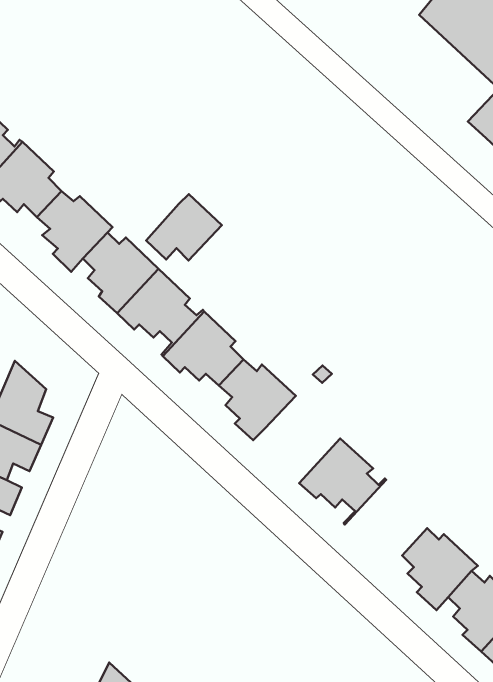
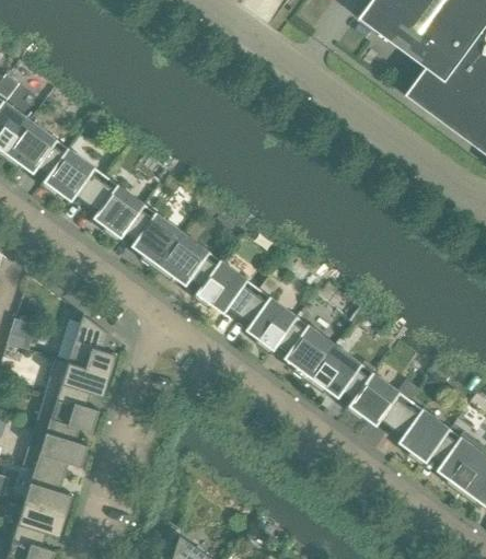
building: [146,194,222,261] -> none
building: none -> [278,322,336,382]
building: none -> [347,372,409,428]

